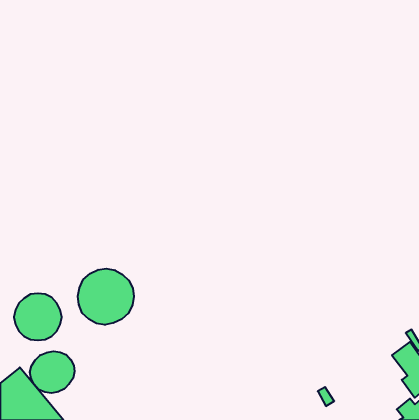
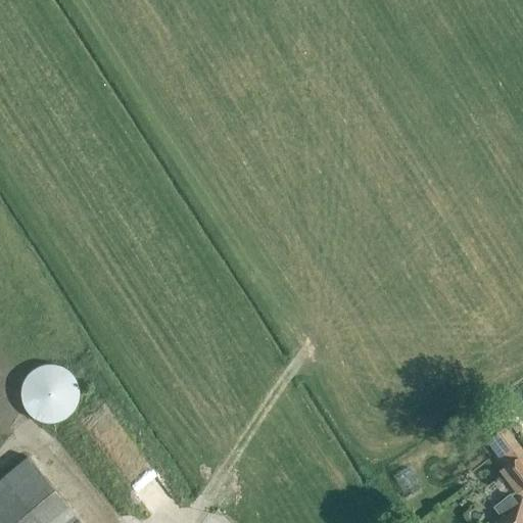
building: [78,269,134,325] -> none
building: [30,351,75,393] -> none

